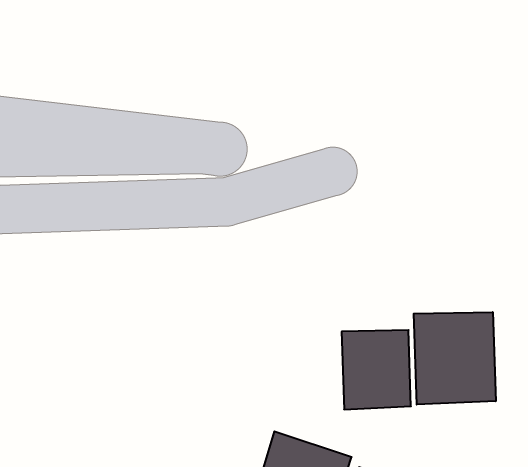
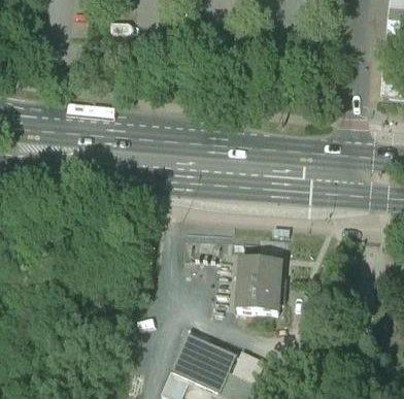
building: [414,312,496,405] -> none

